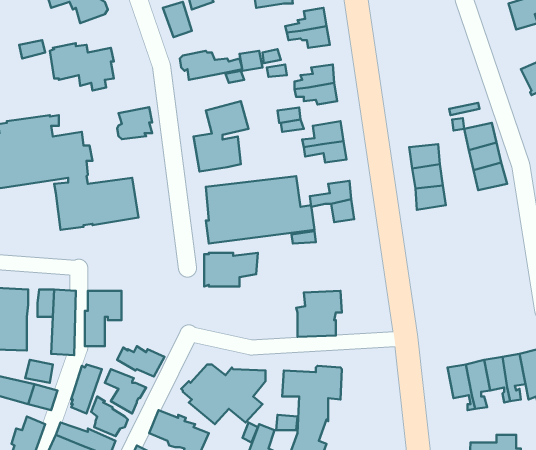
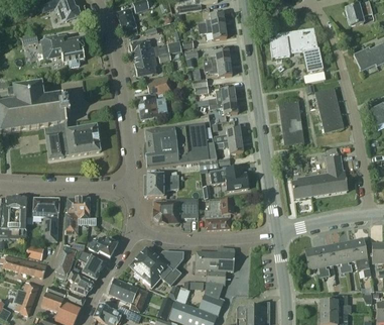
building: none -> [269,28,323,71]
building: [117,107,152,139] -> [133,56,156,77]
building: none -> [290,154,348,199]
building: none -> [210,167,249,191]
building: none -> [154,199,199,222]

